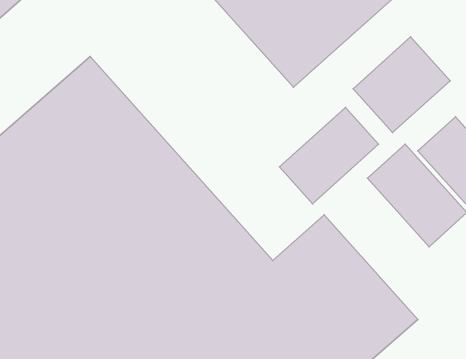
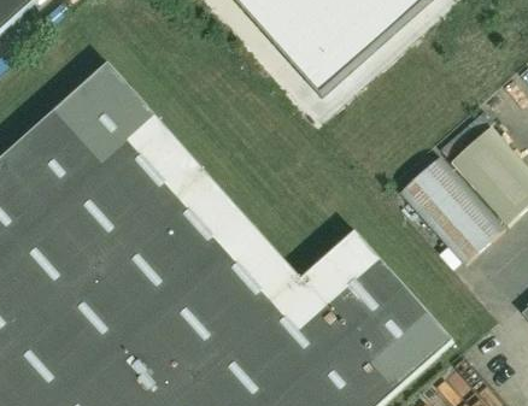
building: [353,37,450,133] -> none
building: [279,107,379,204] -> none

